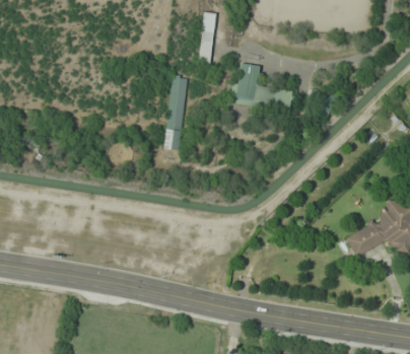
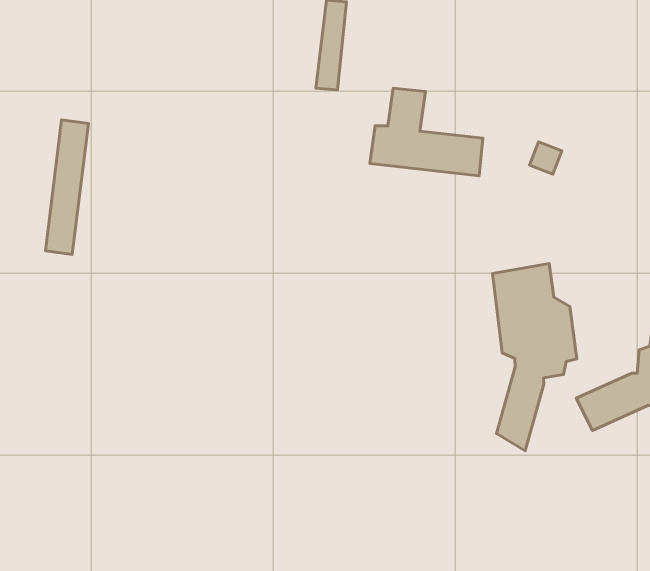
building: [163,75,188,151] -> [45,120,88,254]
building: none -> [492,264,577,451]

